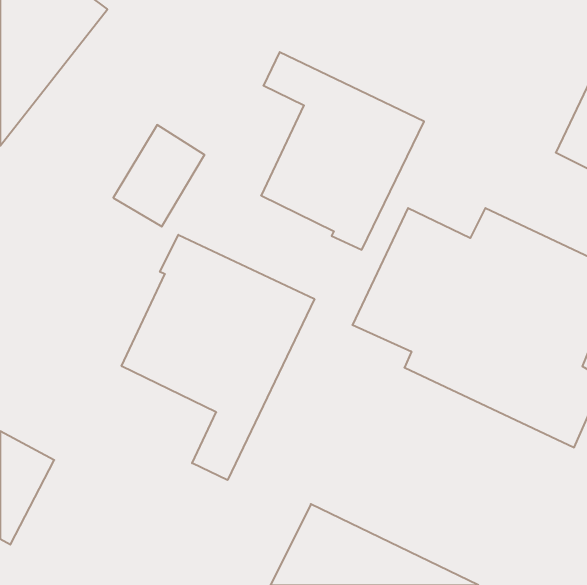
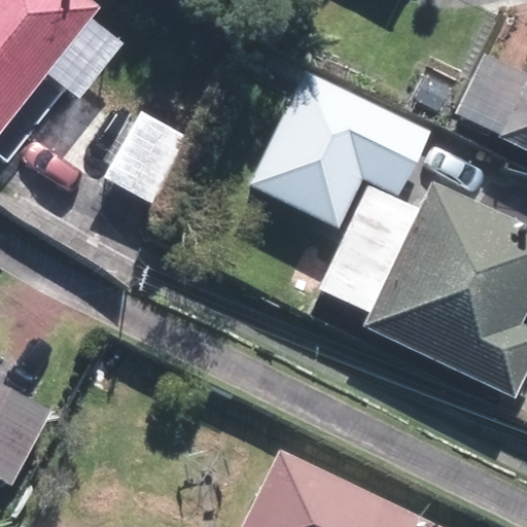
building: [122,235,314,480] -> none

